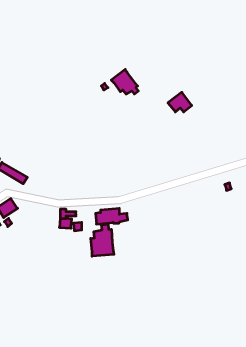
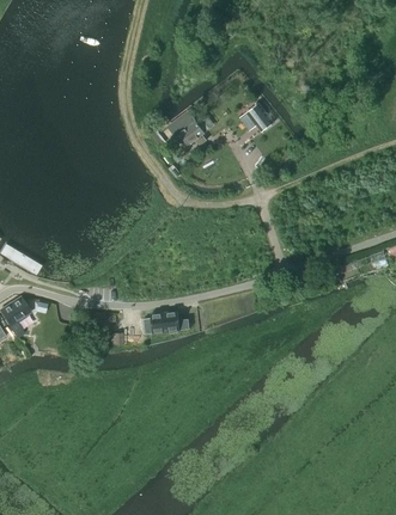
building: [168,92,192,112] -> [239,103,274,131]
building: [91,224,114,256] -> none

